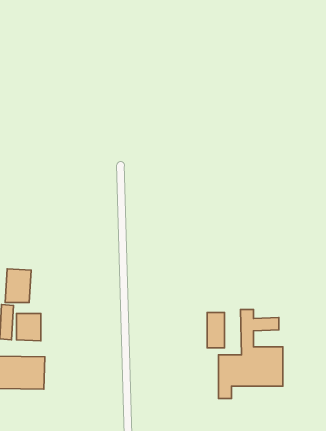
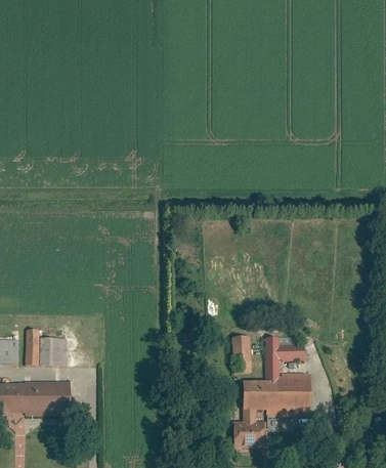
building: [5,269,31,303] -> none
building: none -> [237,426,266,448]

